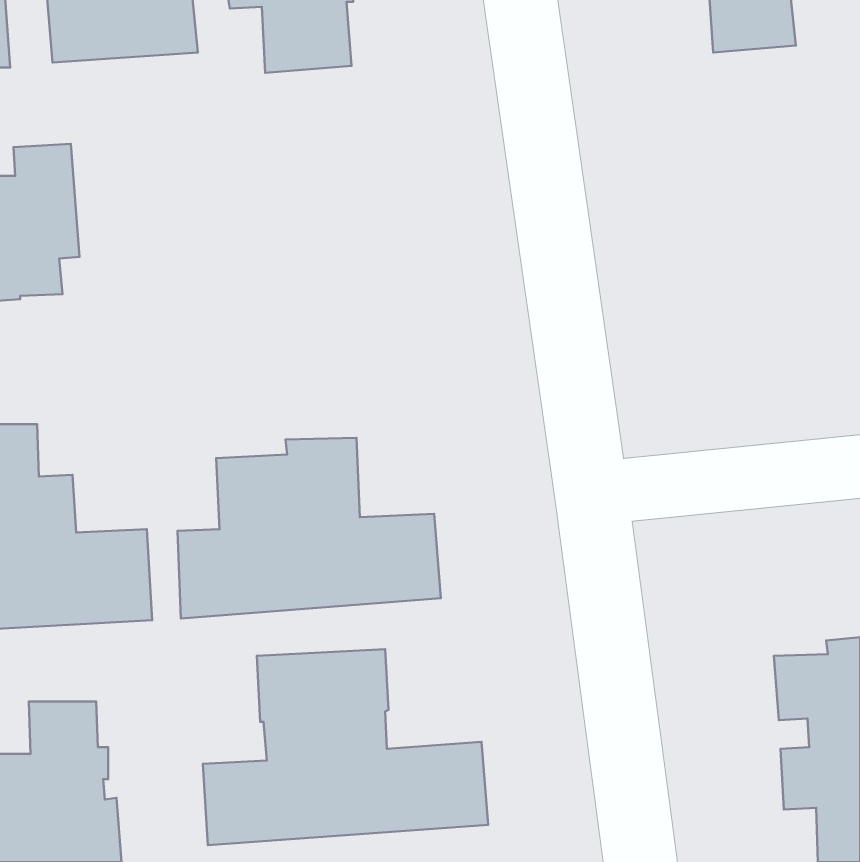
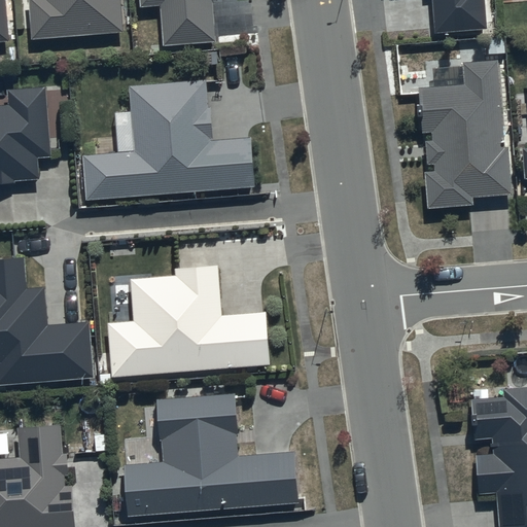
building: none -> [419,61,511,207]
building: none -> [83,80,253,198]

